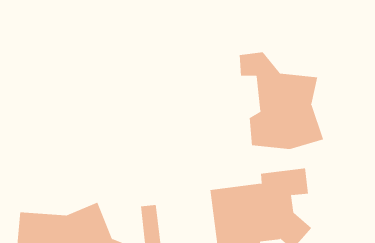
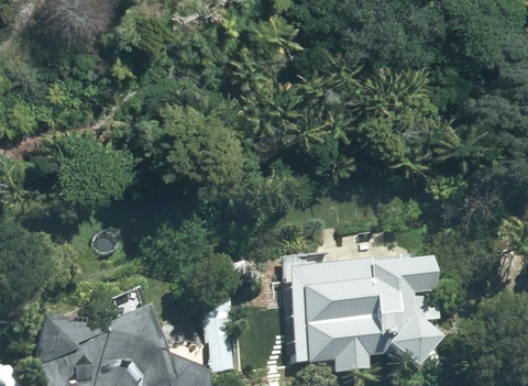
building: [239,52,324,150] -> none

